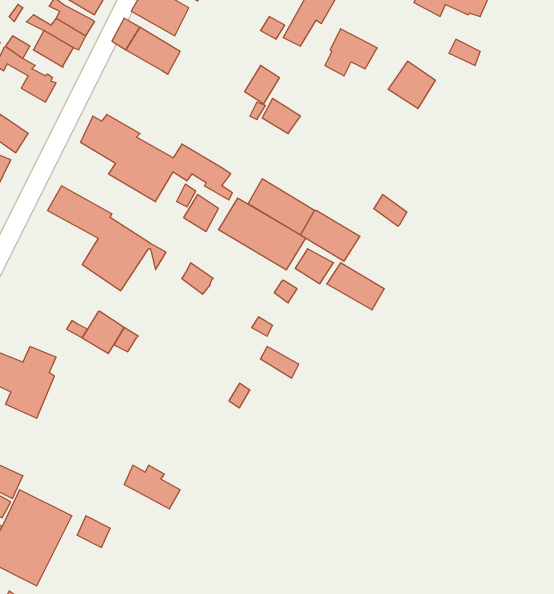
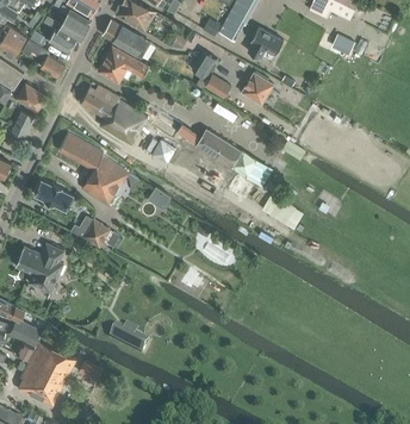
building: none -> [98,46,148,82]
building: [388,61,435,108] -> [240,73,272,105]
building: none -> [33,180,74,211]

